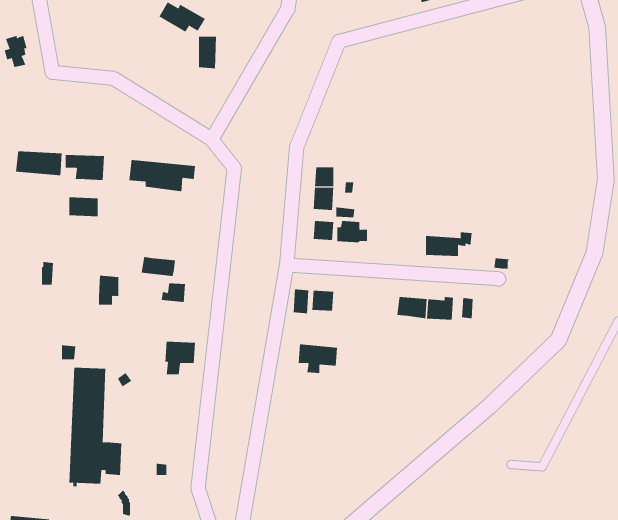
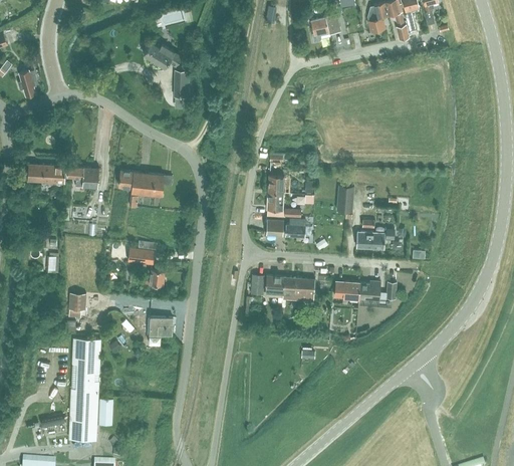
building: none -> [334,185,352,213]
building: [98,275,119,305] -> [68,293,85,317]
building: [298,344,338,374] -> [282,277,314,301]

